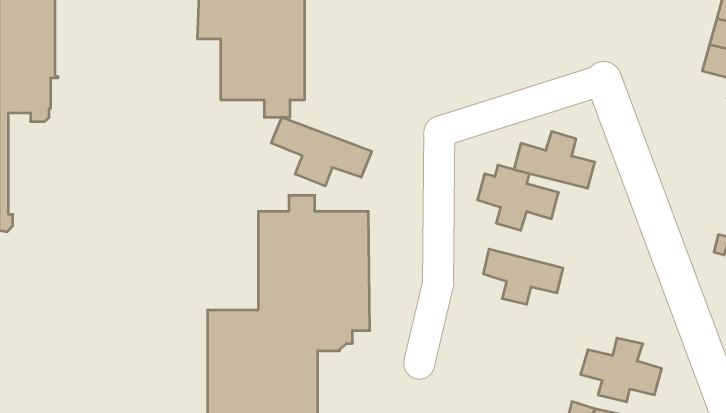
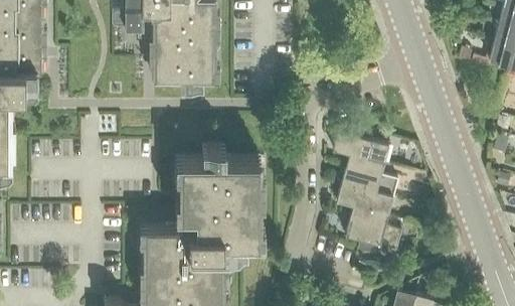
building: [271,117,372,186] -> none
building: [514,132,595,188] -> [341,159,397,198]
building: [581,338,662,402] -> [345,211,401,256]

